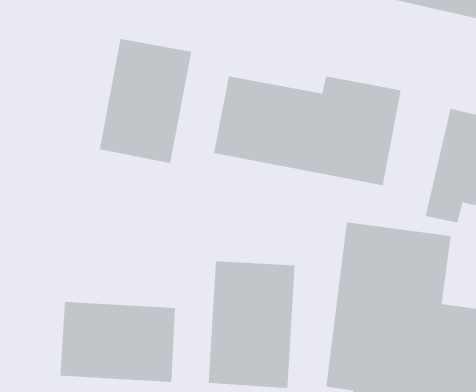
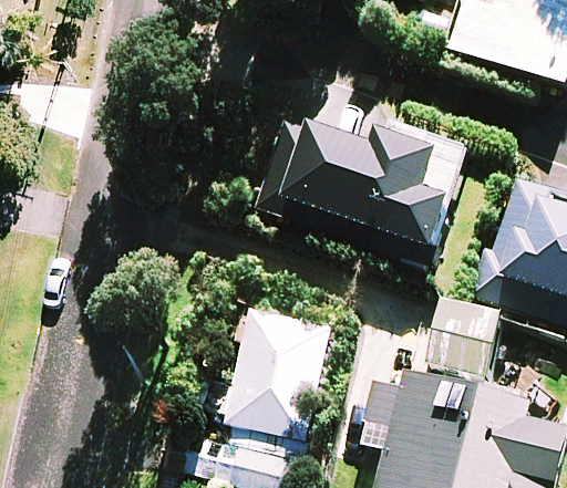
building: [99,38,192,164] -> none
building: [60,301,176,383] -> none

